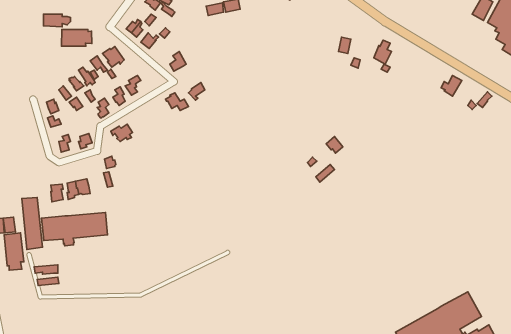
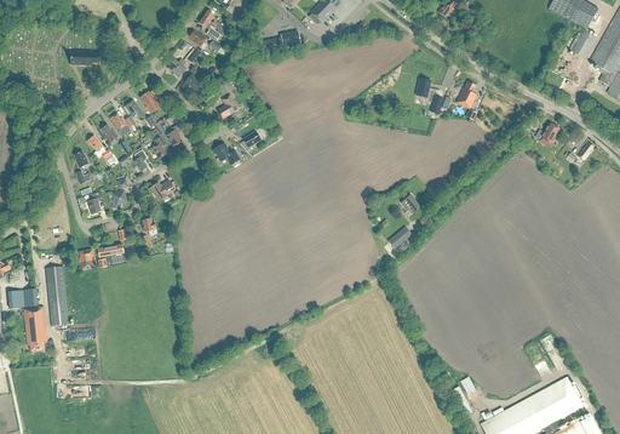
building: [61,29,92,46] -> none
building: [42,213,108,246] -> none

